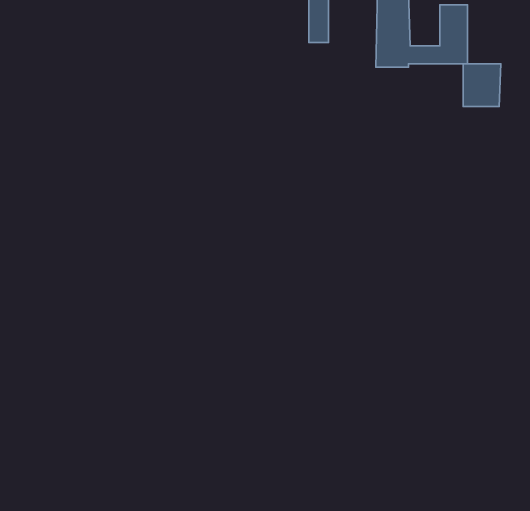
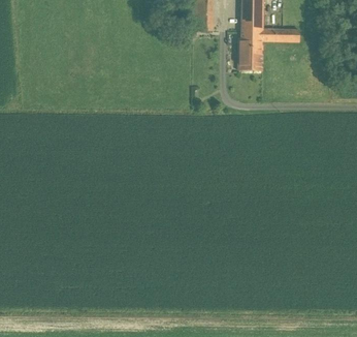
building: [463,64,501,106] -> [238,47,262,73]

